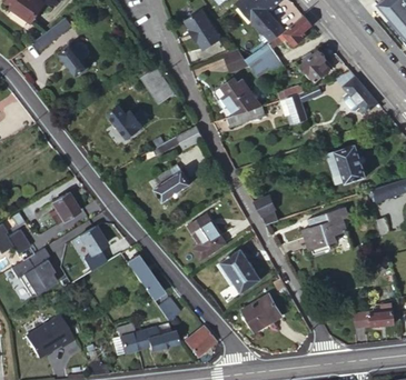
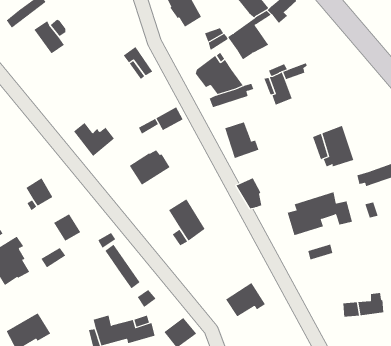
building: [300,50,329,80] -> none
building: [343,76,377,112] -> none
building: [108,103,148,137] -> [73,122,115,157]
building: none -> [224,122,259,159]
building: [217,248,259,292] -> none

